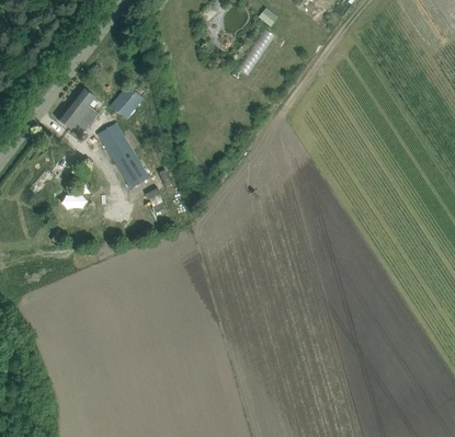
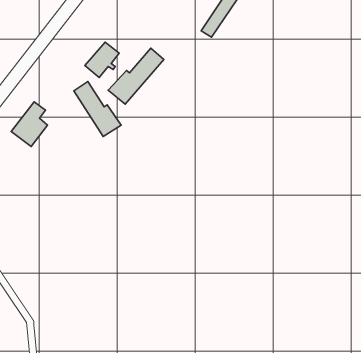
building: none -> [108,48,164,104]
building: [58,88,98,136] -> [11,102,47,147]

